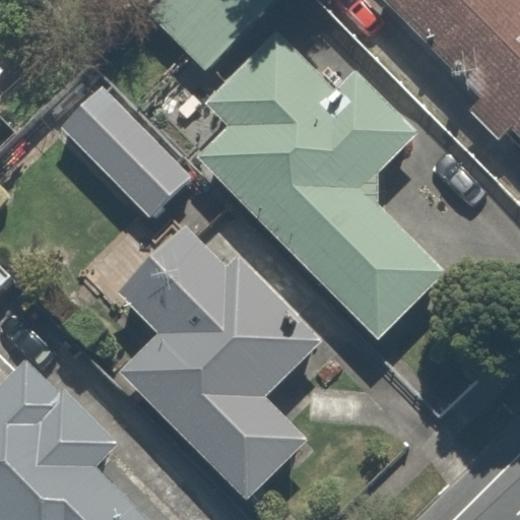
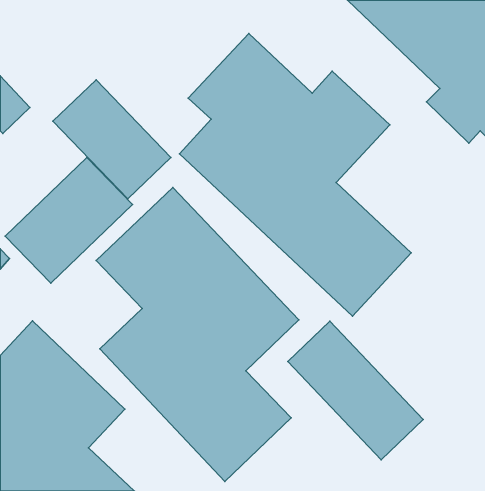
building: none -> [5,157,133,283]
building: none -> [288,321,423,460]

